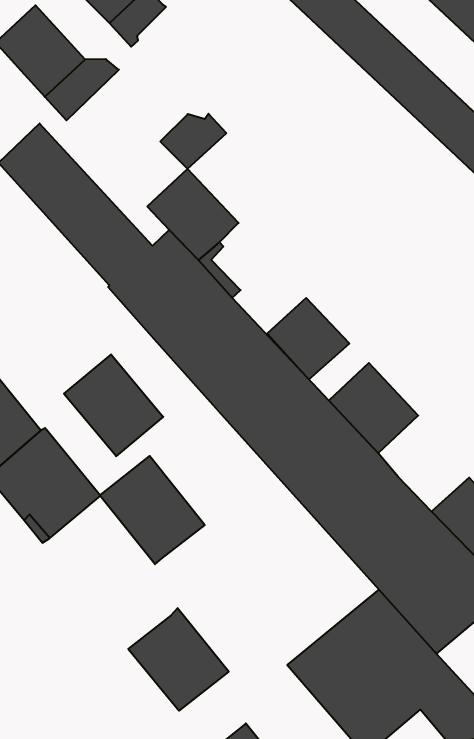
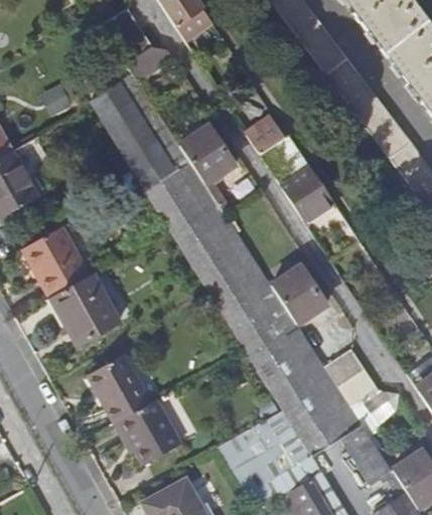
building: [160,114,226,169] -> [248,121,290,155]
building: [267,298,349,379] -> [284,170,334,221]
building: [64,354,163,456] -> none
building: [100,456,205,564] -> [88,354,150,422]

